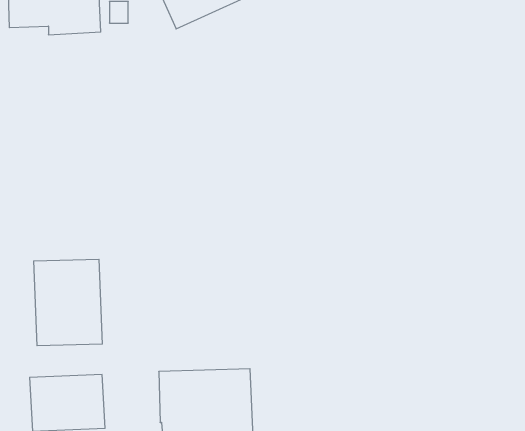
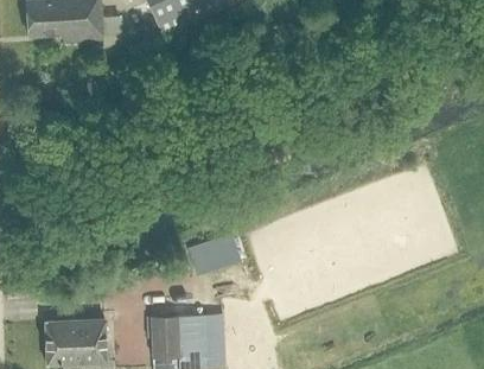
building: [34,259,102,346] -> none
building: none -> [187,234,240,275]

